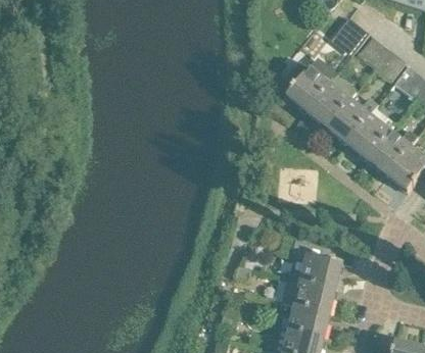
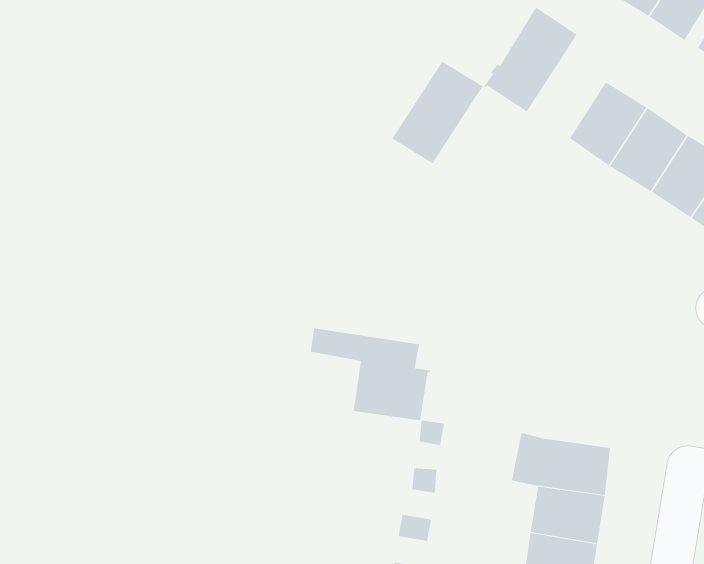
building: [306,72,357,125] -> [391,61,484,164]
building: [280,235,342,288] -> [310,328,432,421]

